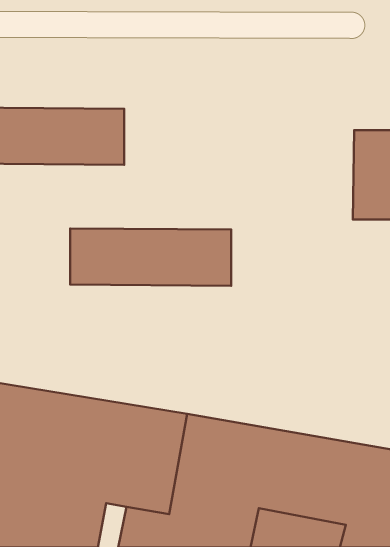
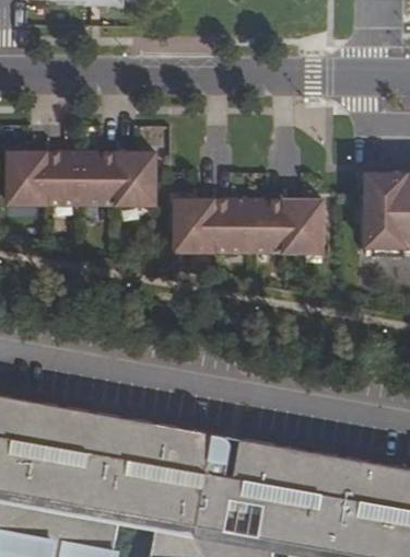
building: [70,228,231,286] -> [169,198,317,251]

